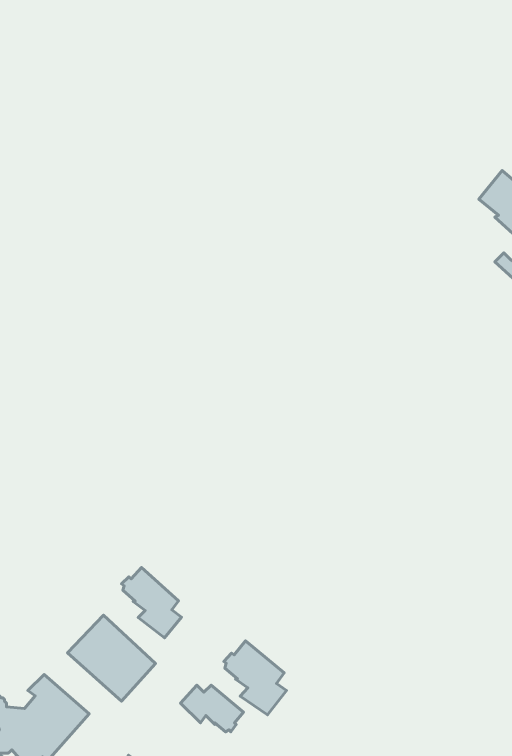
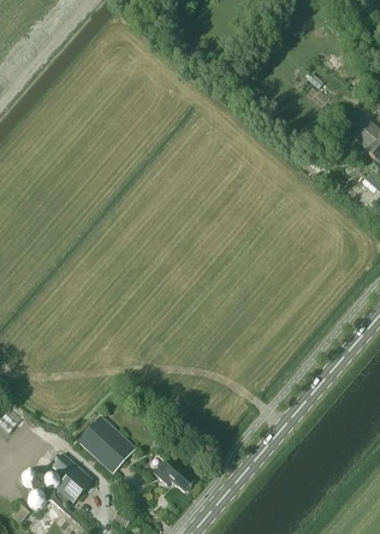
building: [122,567,182,638] -> none
building: [224,641,287,715] -> none

